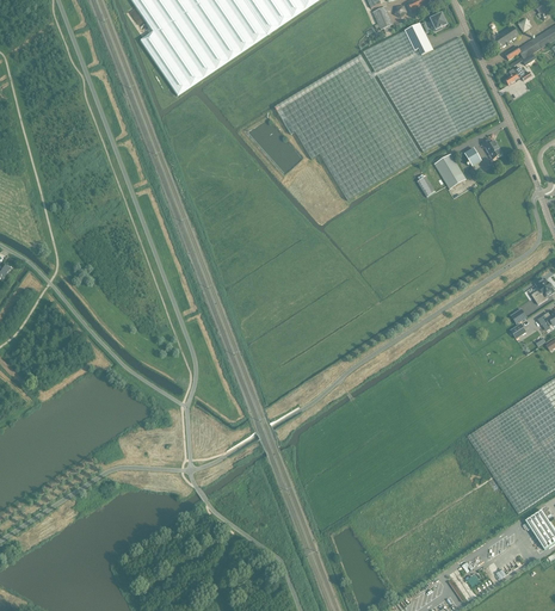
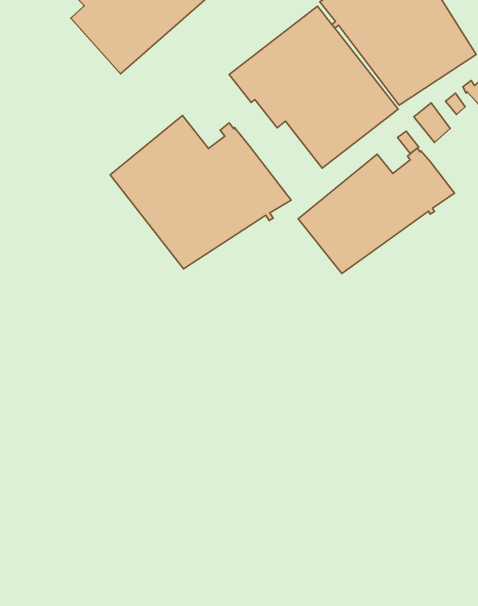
building: none -> [110,115,291,269]
building: none -> [298,148,455,274]

